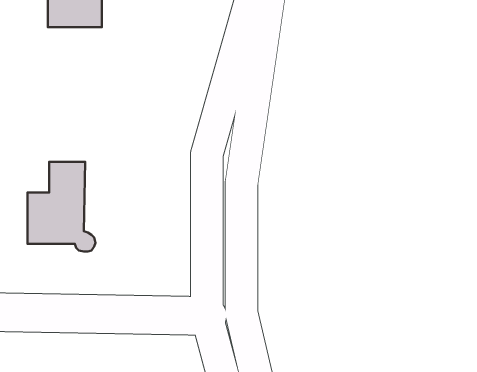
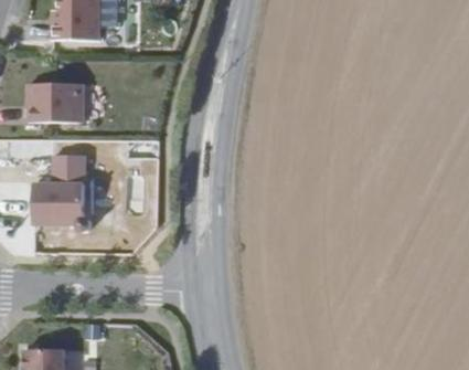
building: none -> [30,82,83,120]

